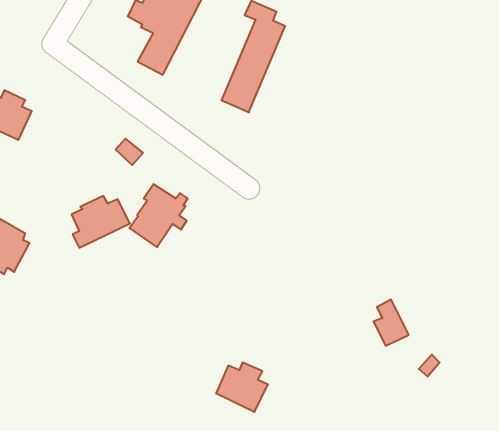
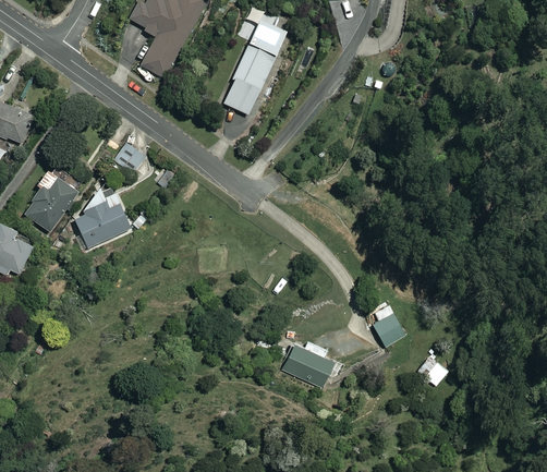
building: [129,184,188,247] -> [23,169,81,231]
building: [216,362,268,412] -> [282,340,333,389]

